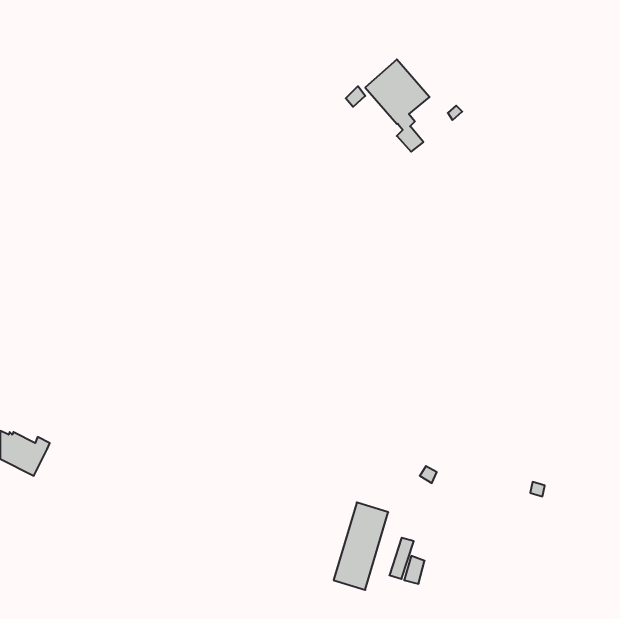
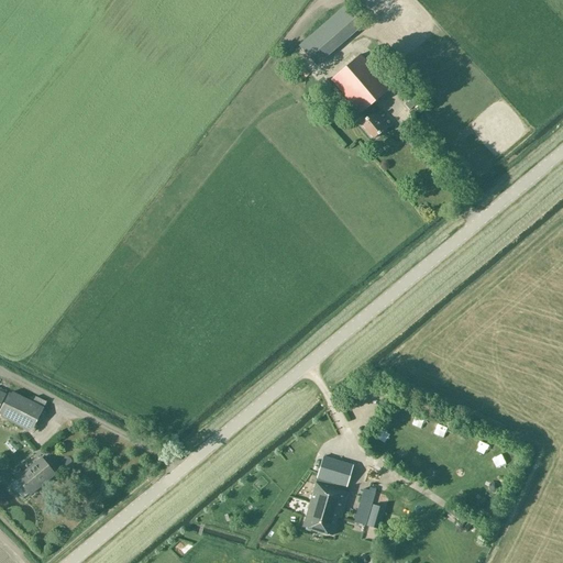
building: none -> [299,4,362,64]
building: none -> [13,457,55,494]

